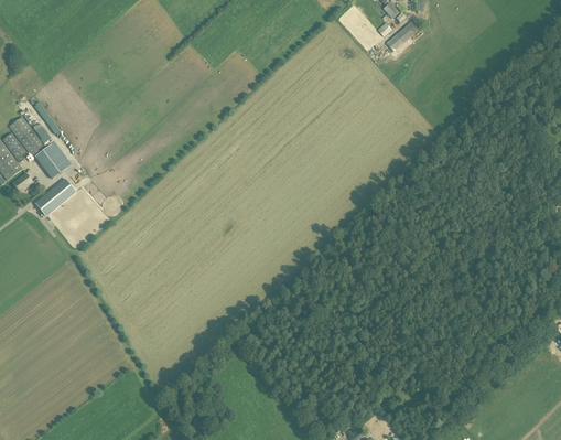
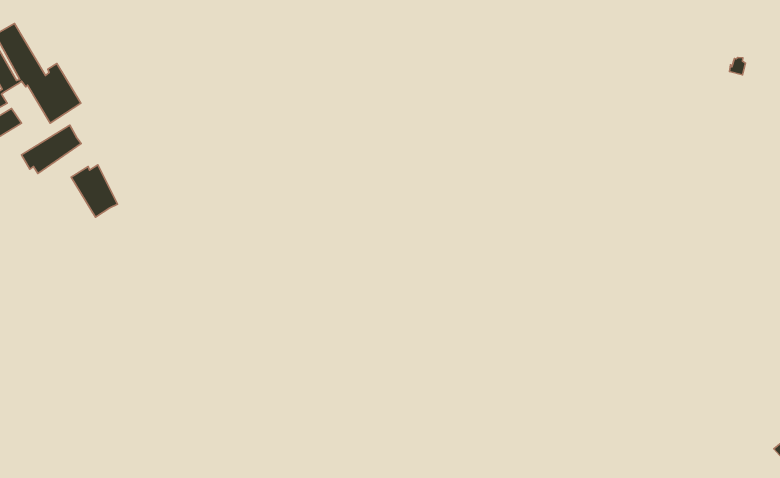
building: none -> [71,165,118,217]

